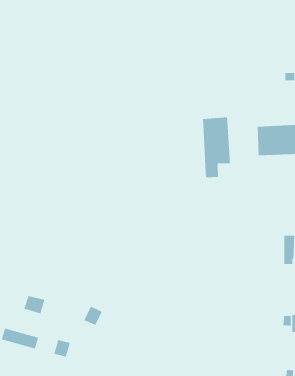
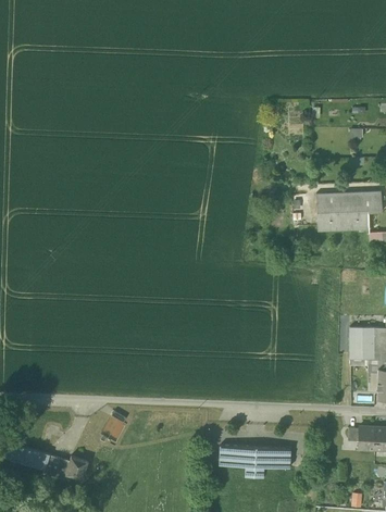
building: [202,116,231,178] -> none
building: [23,295,45,314] -> [43,455,71,479]
building: none -> [220,446,290,476]

